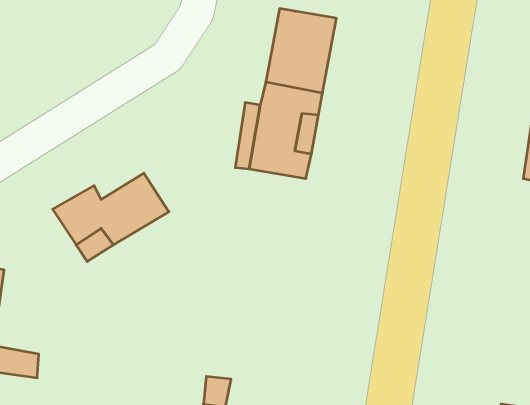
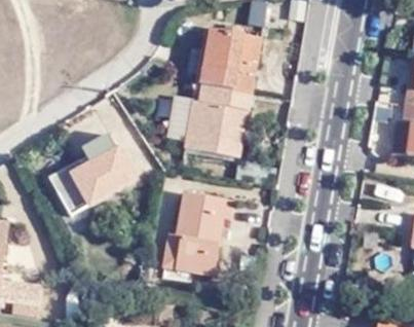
building: none -> [162,190,232,271]

